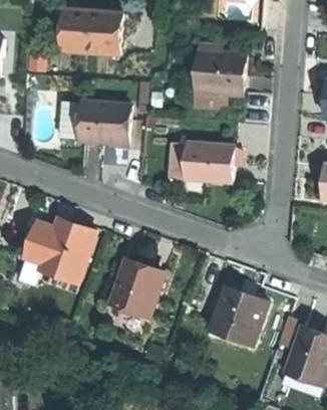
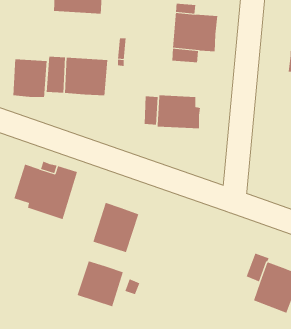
building: none -> [13,58,47,98]
building: [212,284,266,335] -> none
building: none -> [77,261,123,307]

